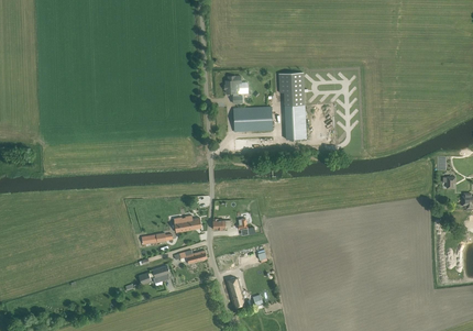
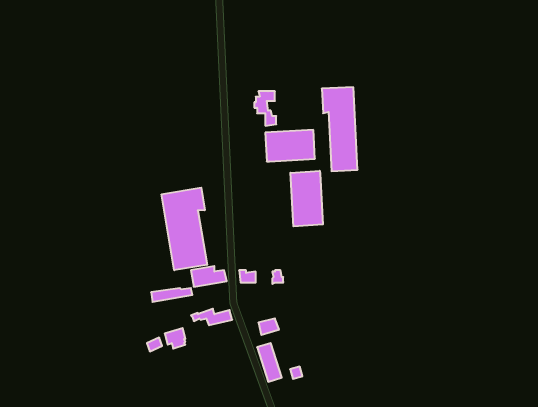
building: none -> [290,171,323,226]
building: none -> [162,188,207,270]

